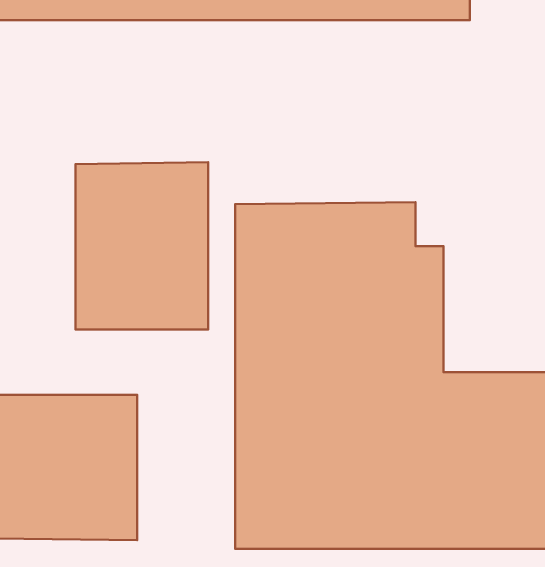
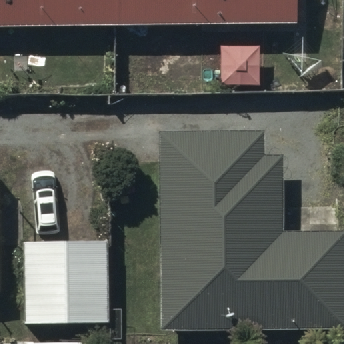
building: [75,162,208,330] -> none

